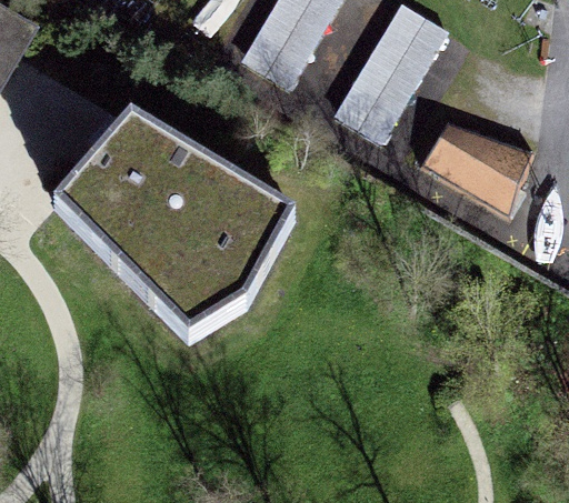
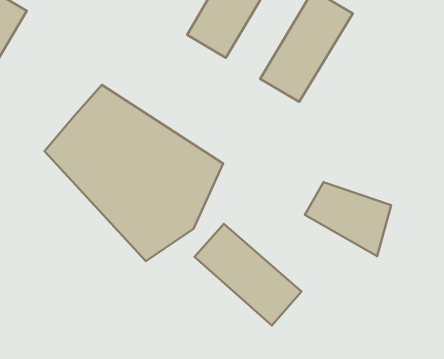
building: [423,121,532,214] -> [305,182,391,256]
building: none -> [195,224,302,325]

